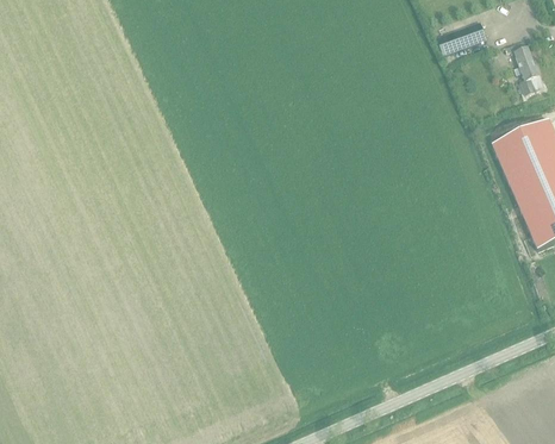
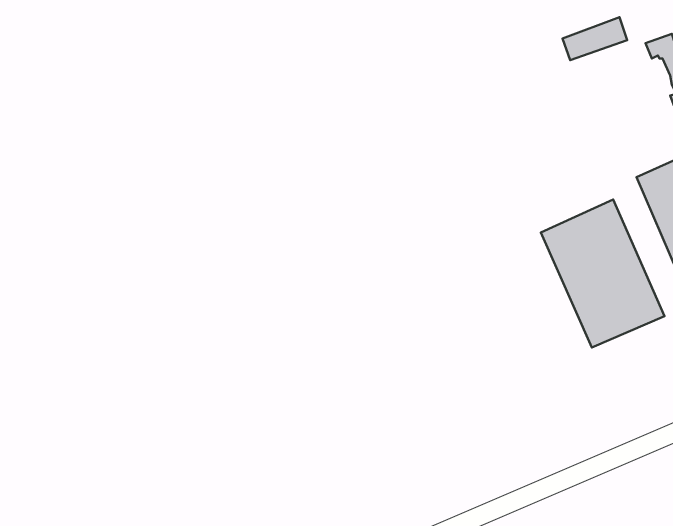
building: none -> [541,199,664,348]

